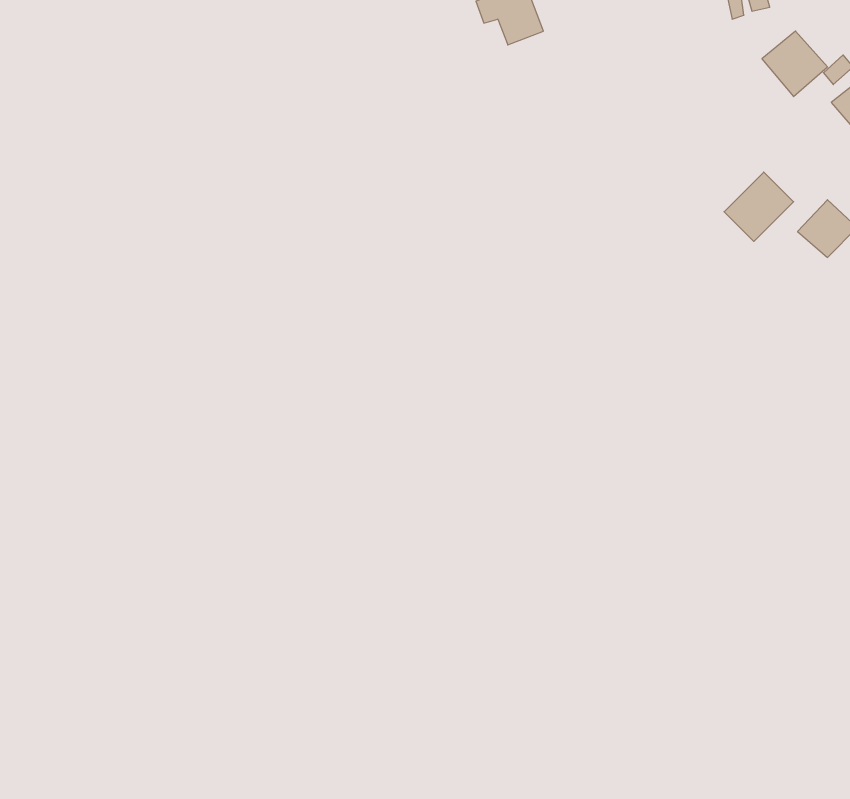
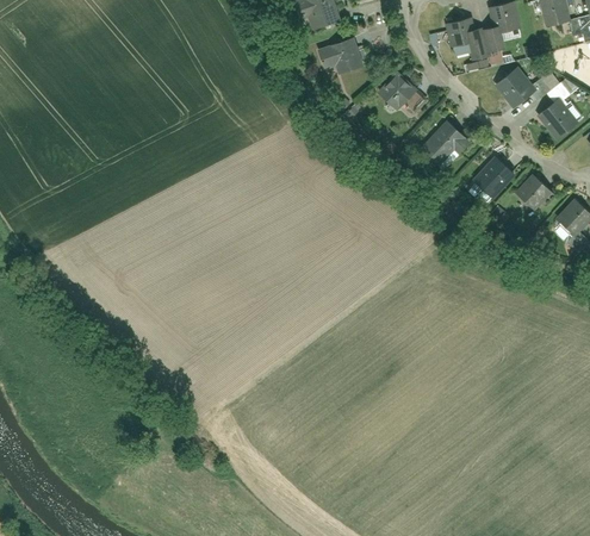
building: none -> [380,75,424,111]
building: none -> [423,118,470,161]

